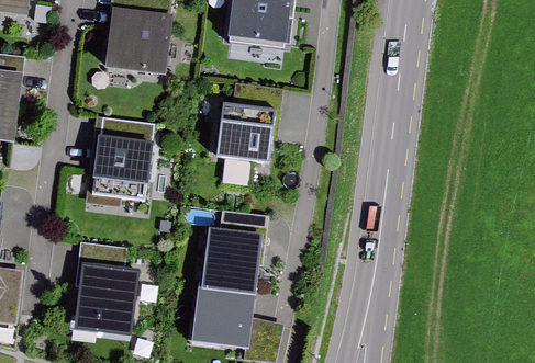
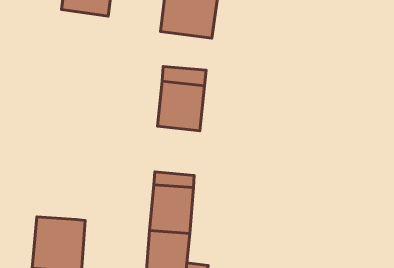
building: [100,20,161,77] -> none
building: [82,122,149,205] -> none
building: [76,246,124,271] -> none

